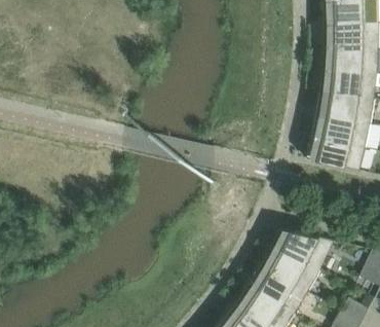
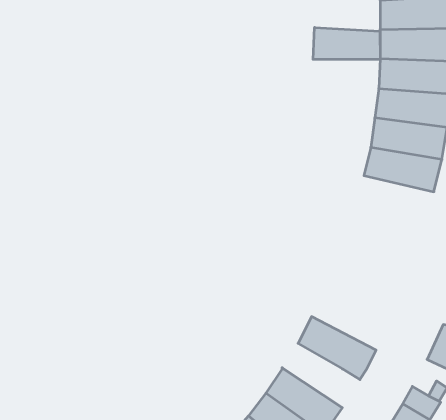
building: none -> [313,27,380,59]
building: [307,136,366,171] -> none
building: [272,228,335,269] -> none
building: [250,264,309,314] -> none

